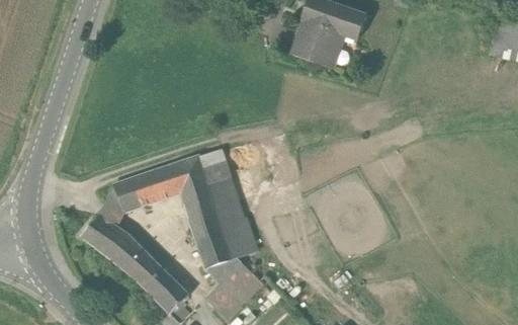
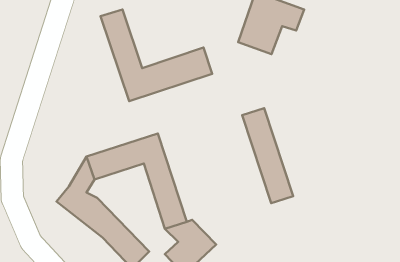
building: none -> [101,9,212,101]
building: [197,150,256,259] -> [242,108,293,203]

